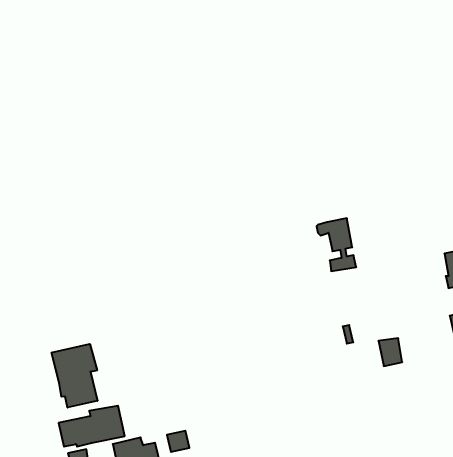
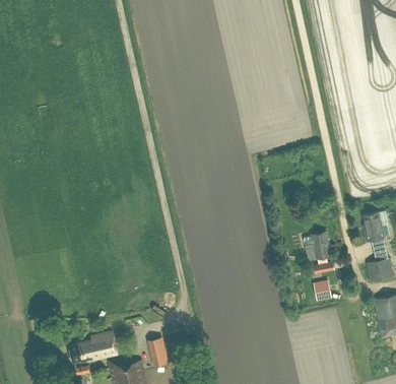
building: [317,218,356,271] -> [304,232,334,272]
building: [52,344,97,408] -> none

